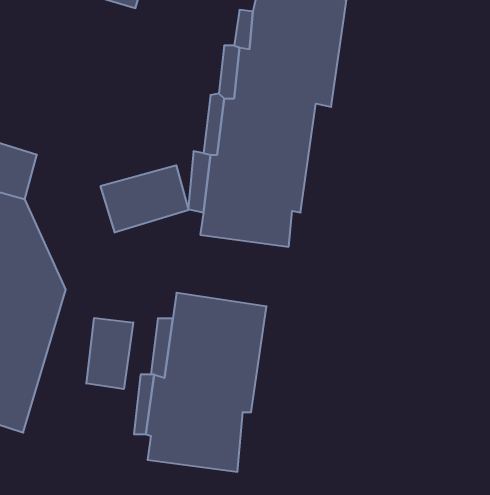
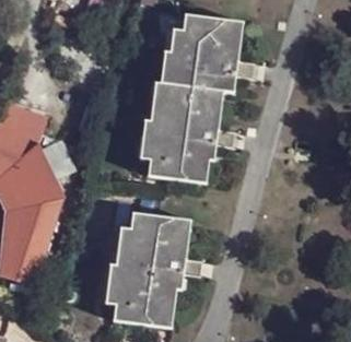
building: [101,165,189,233] -> none
building: [86,318,133,389] -> none

